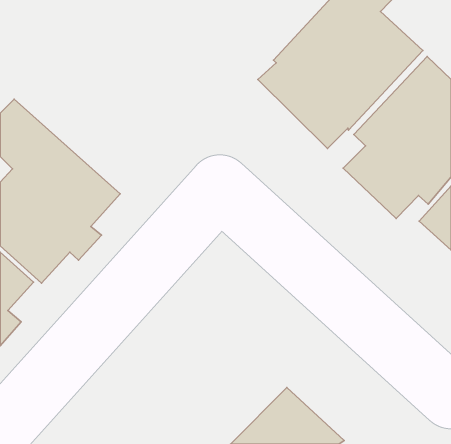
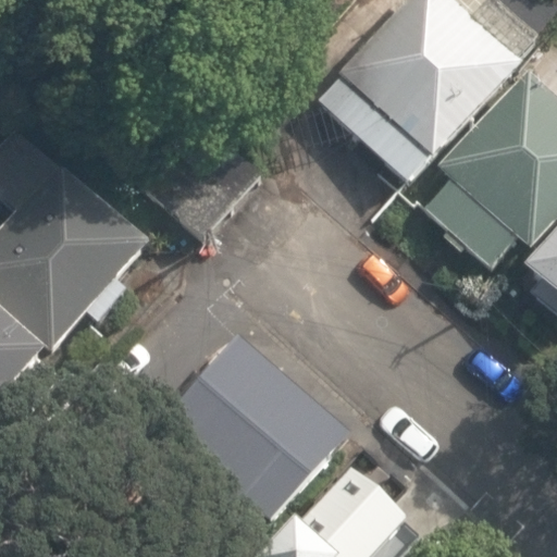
building: none -> [156,330,346,518]

